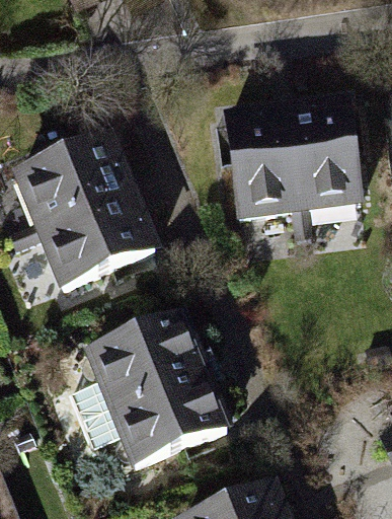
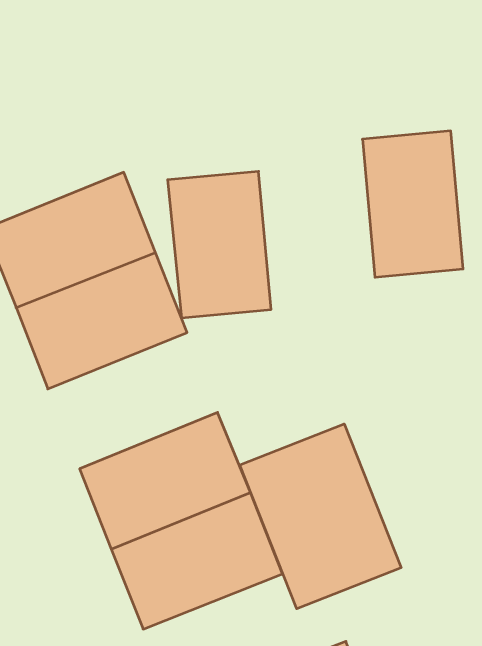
building: [222,109,298,217] -> [168,171,271,318]
building: none -> [240,424,401,609]

